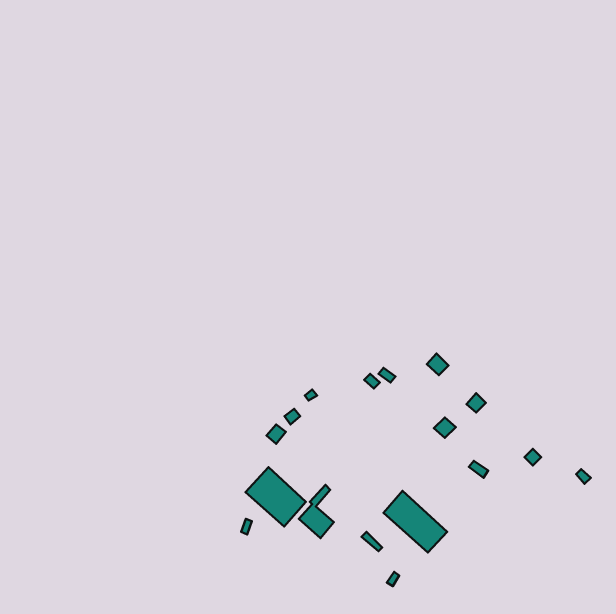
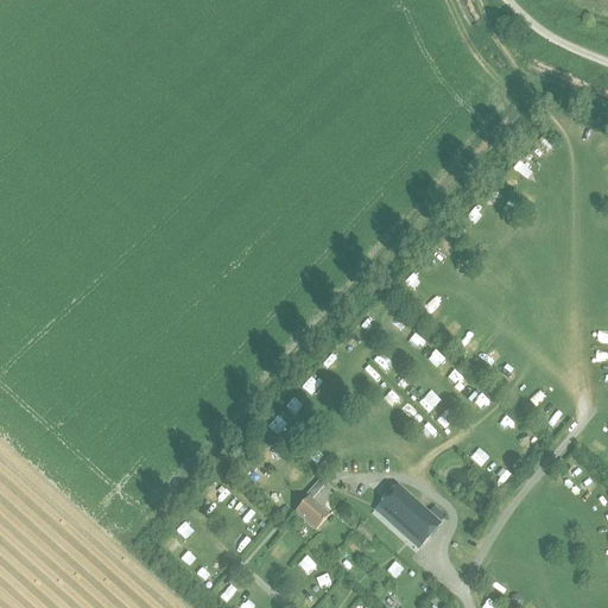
building: [246,467,306,527] -> none

